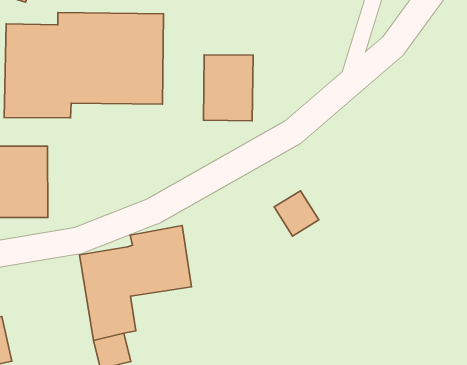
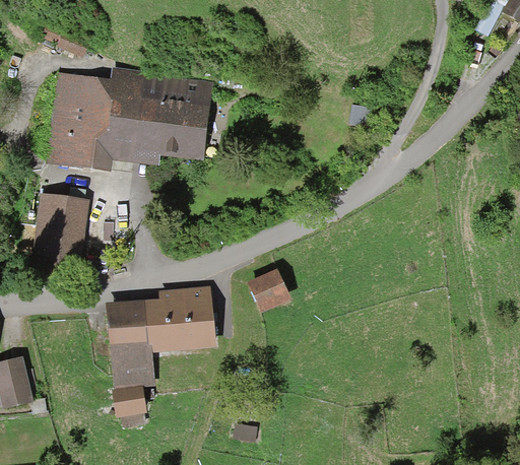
building: [204,55,253,121] -> none
building: [274,191,319,236] -> [248,271,290,315]

